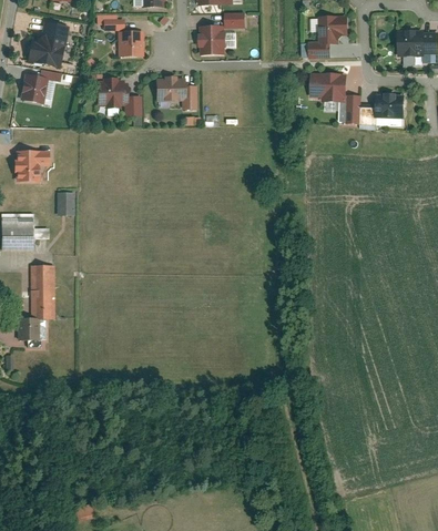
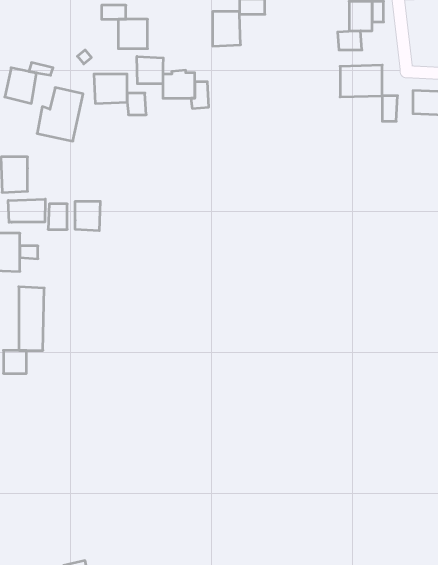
building: [28,20,68,67] -> [37,88,83,141]
building: none -> [137,56,163,84]
building: none -> [8,199,45,222]
building: none -> [75,201,100,231]

